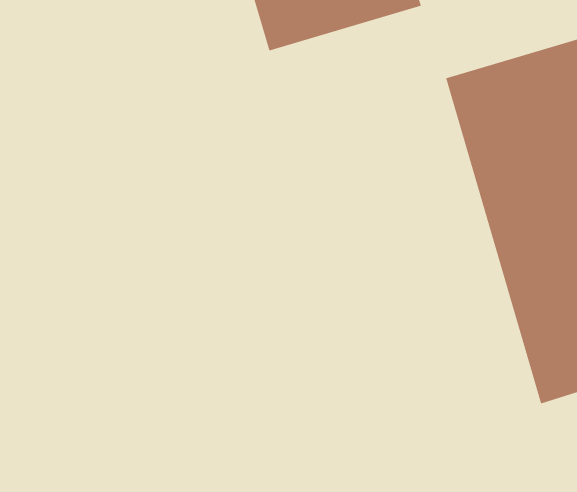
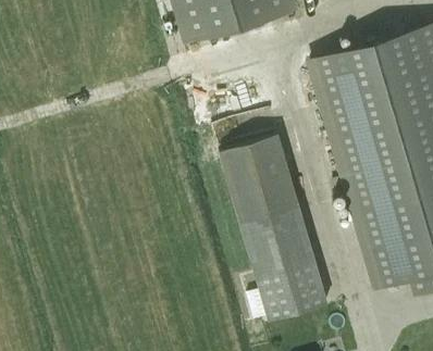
building: none -> [222,136,329,319]

